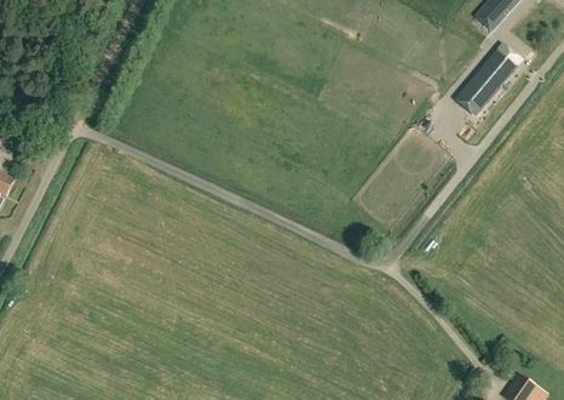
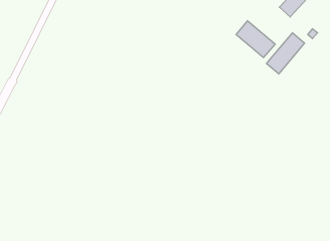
building: none -> [236,21,275,58]

